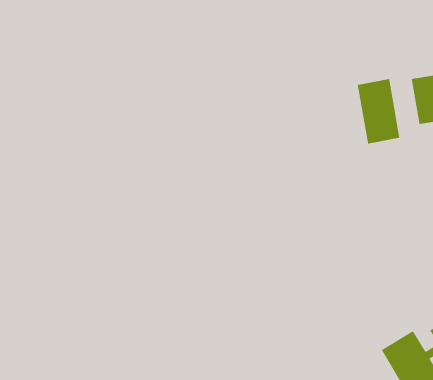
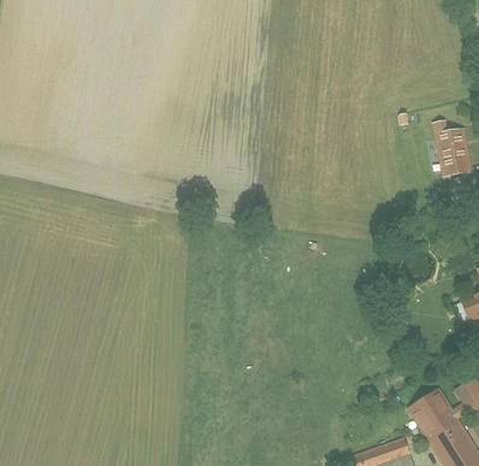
building: [357,78,400,144] -> none

